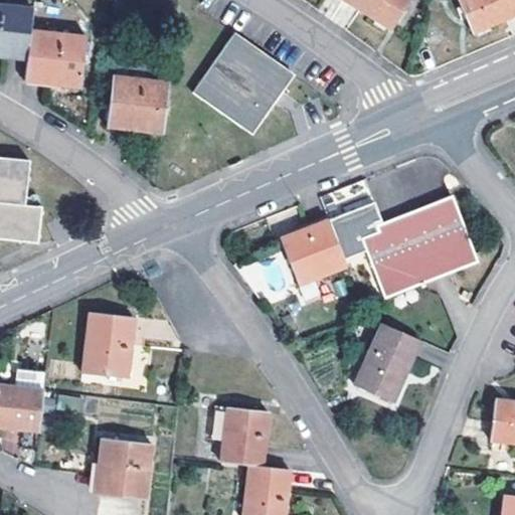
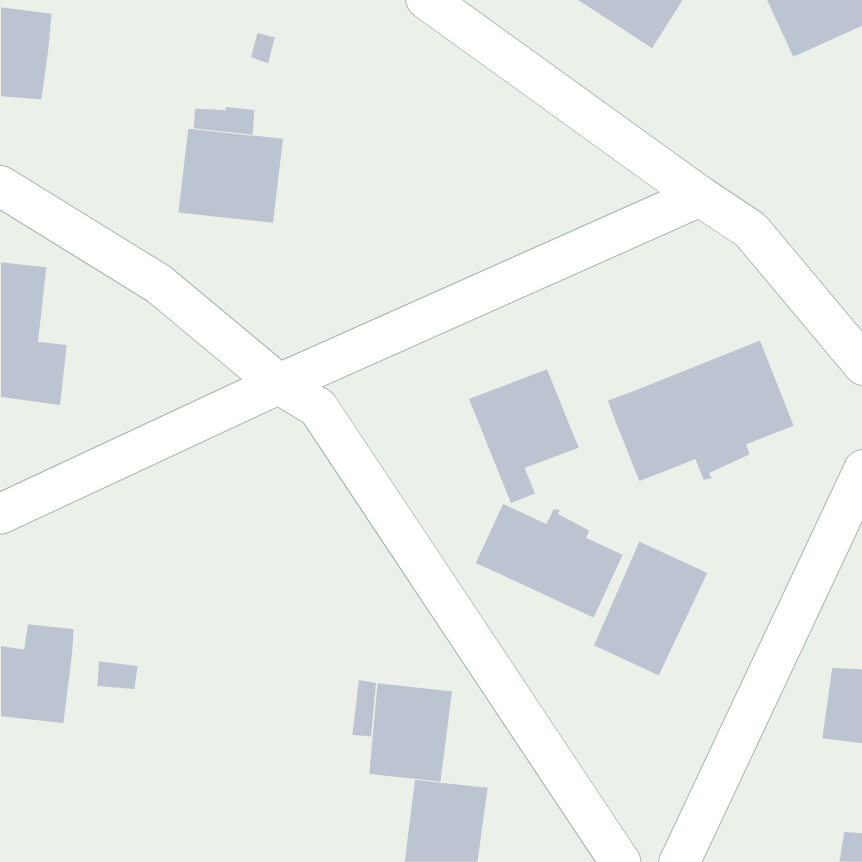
building: [24,29,84,87] -> none
building: [194,34,293,134] -> none
building: [327,201,380,260] -> none
building: none -> [475,503,623,619]
building: [82,312,135,377] -> none
building: [95,438,152,498] -> none

